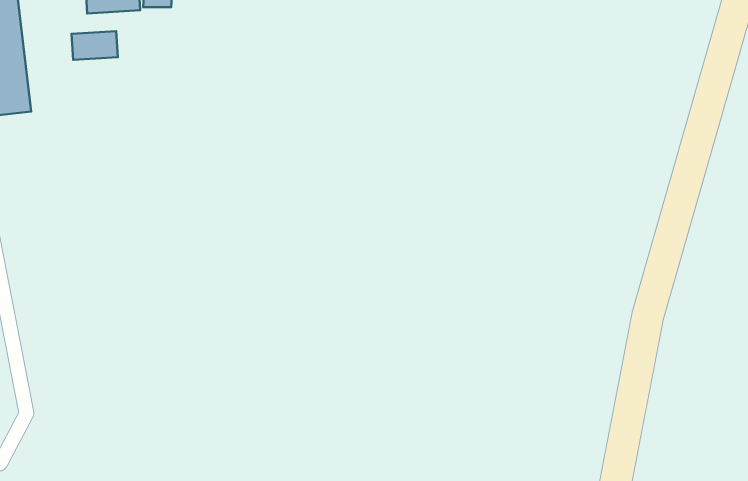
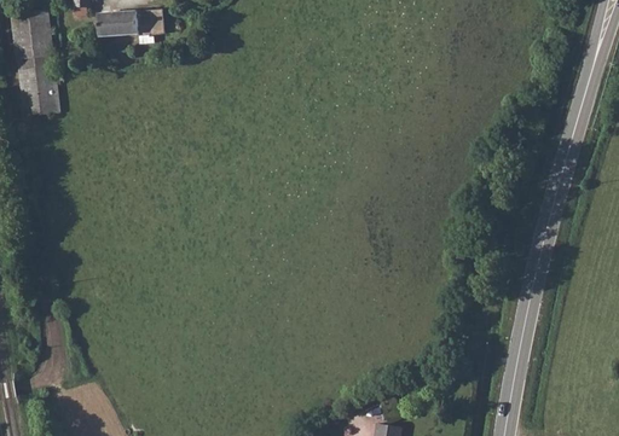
building: [72,31,118,60] -> none

